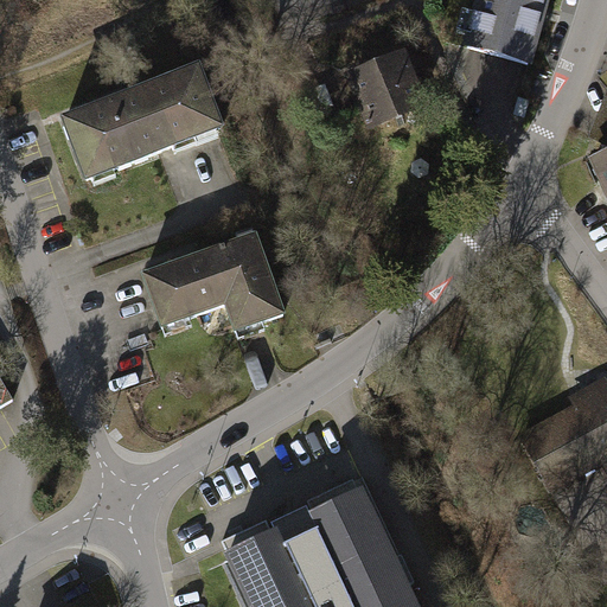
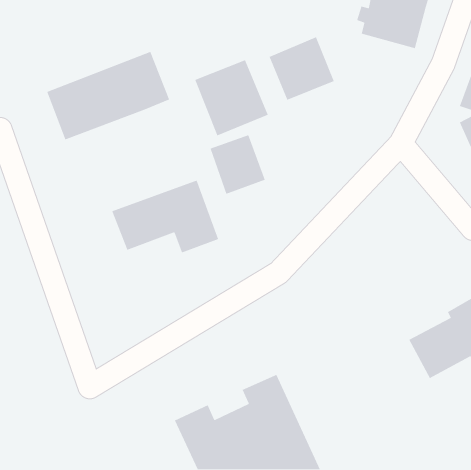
building: none -> [194,59,269,137]
building: none -> [209,134,266,195]

